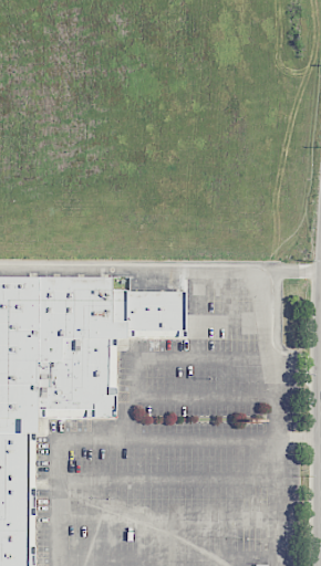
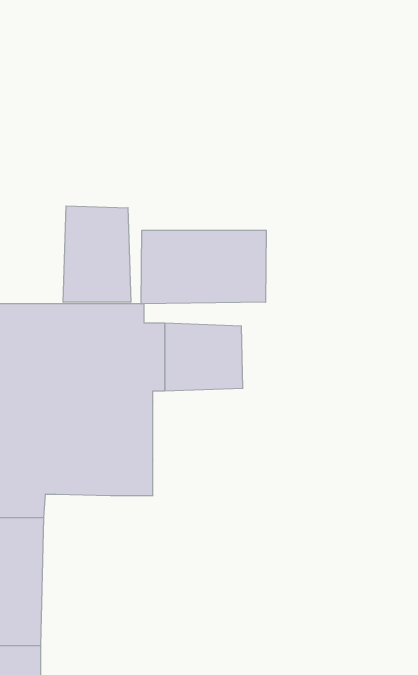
building: none -> [63,206,131,302]
building: none -> [141,230,266,304]

